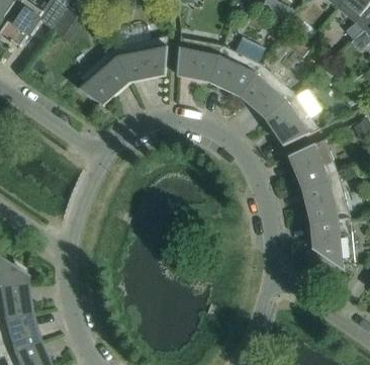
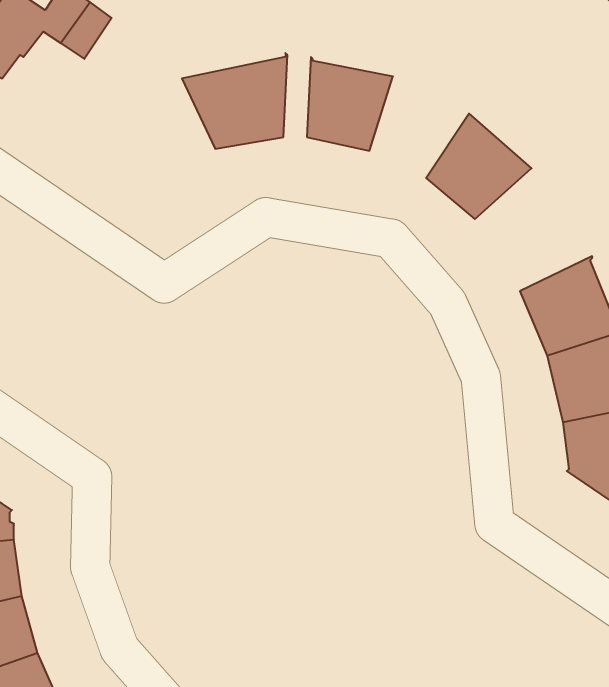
building: [210,44,262,97] -> none
building: [76,45,130,106] -> none
building: [265,92,320,146] -> none

